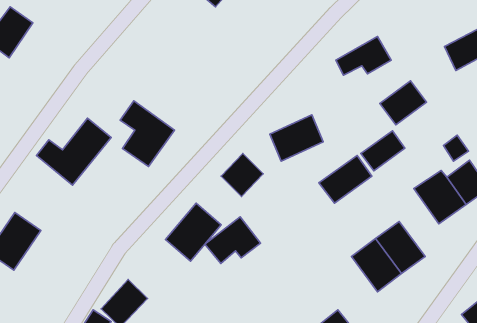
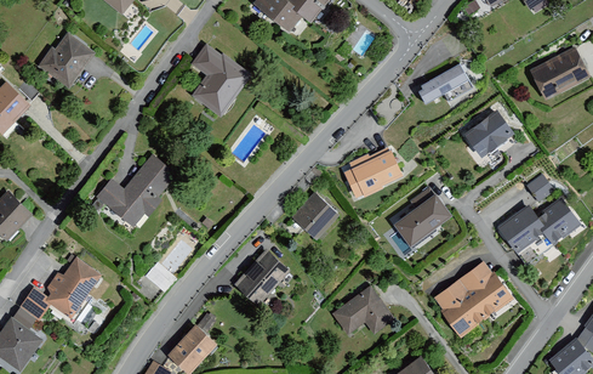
building: [120,101,175,167] -> [190,41,249,112]
building: [361,131,405,171] -> none
building: [205,217,260,263] -> [331,285,390,335]

